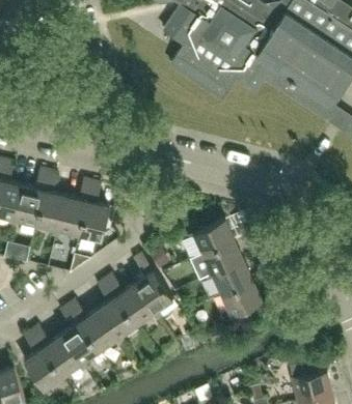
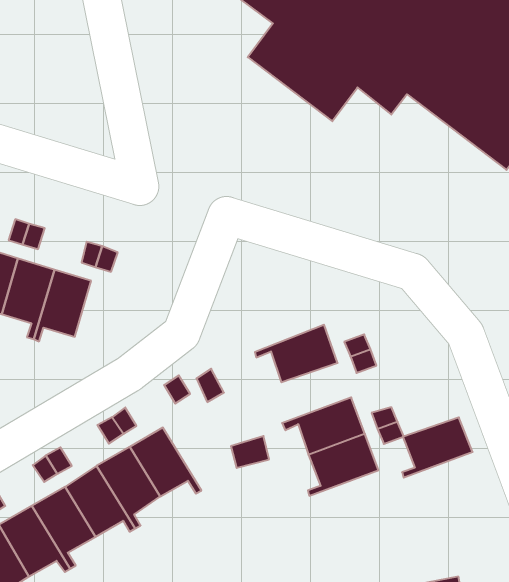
building: [80,201,110,248] -> none
building: [202,239,244,277] -> [402,417,473,478]
building: [135,270,173,319] -> none

